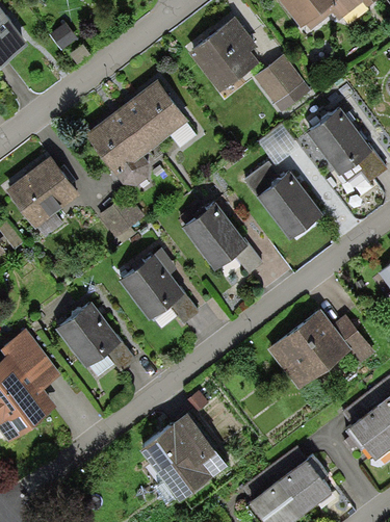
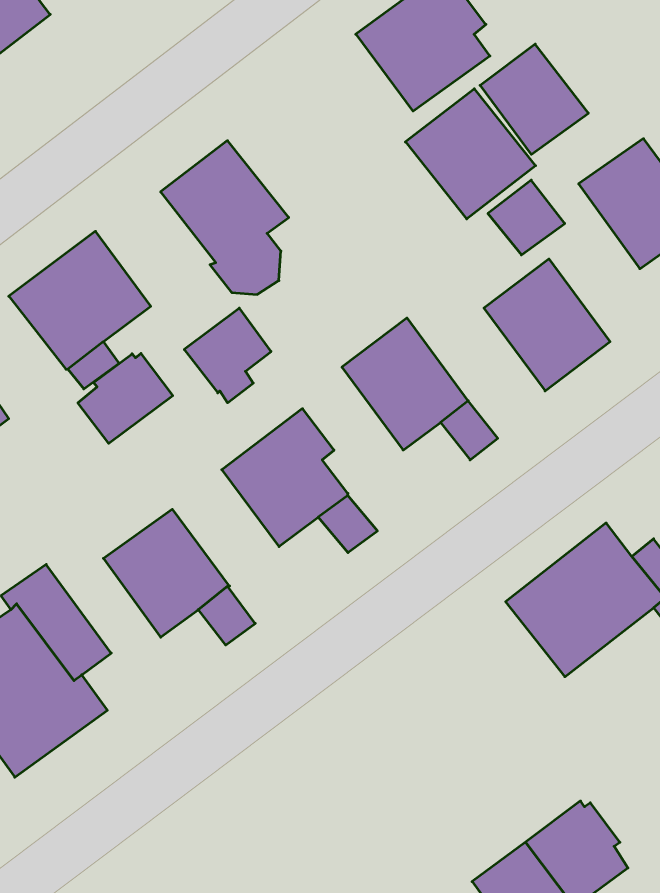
building: [122,79,190,148] -> [405,89,536,219]
building: none -> [78,353,173,443]
building: [140,410,229,498] -> none

